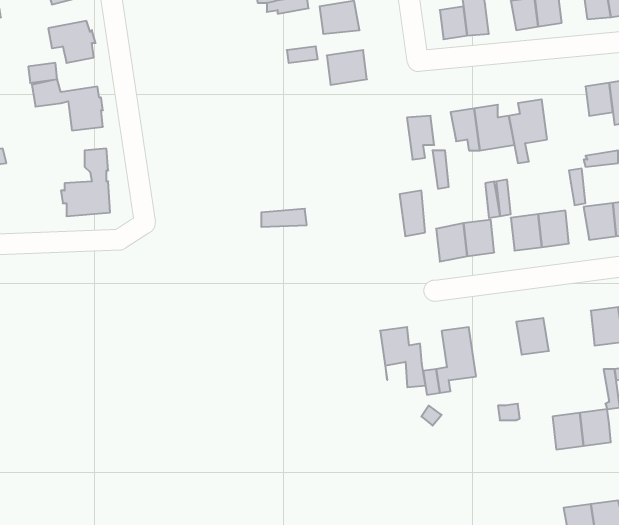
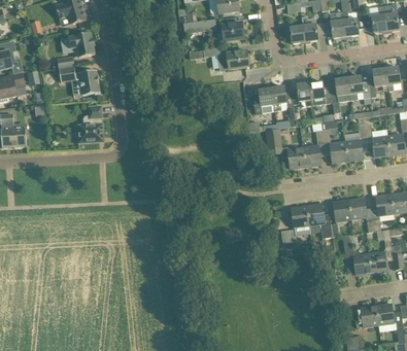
building: none -> [347,74,370,103]
building: none -> [252,86,274,113]
building: none -> [348,197,374,231]
building: [380,327,426,387] -> [306,203,332,237]

